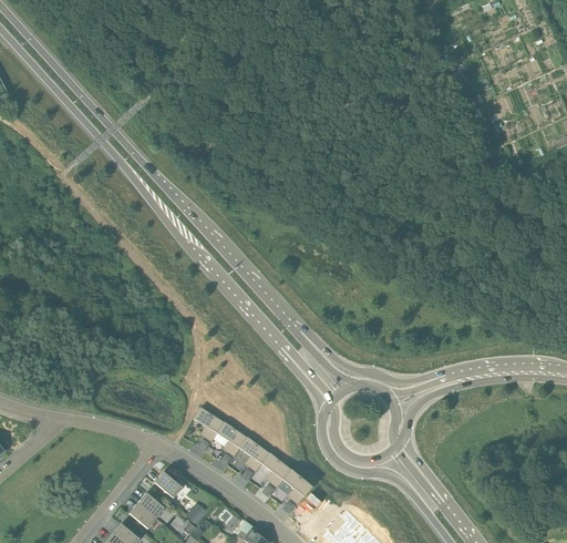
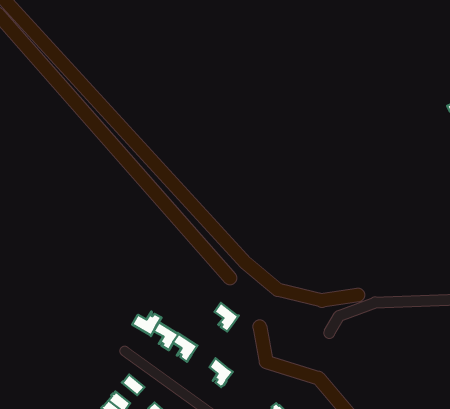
building: none -> [132,312,161,336]
building: [240,438,270,473] -> [214,303,239,332]
building: [280,470,312,505] -> none

